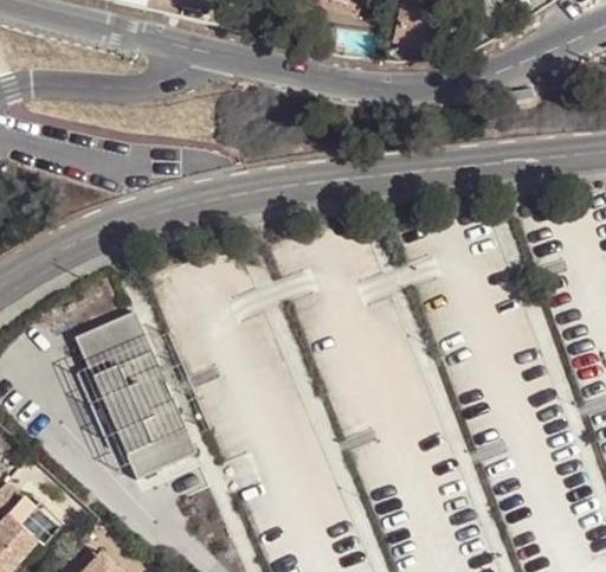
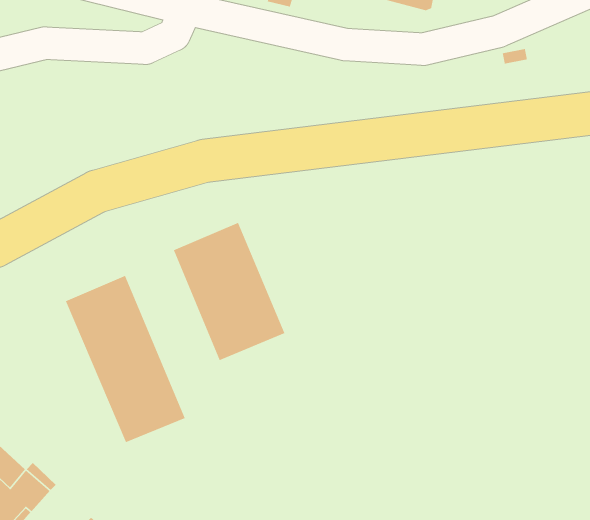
building: none -> [173,222,285,361]

